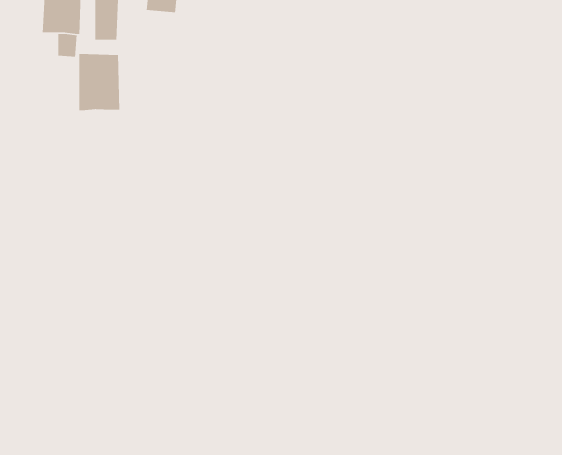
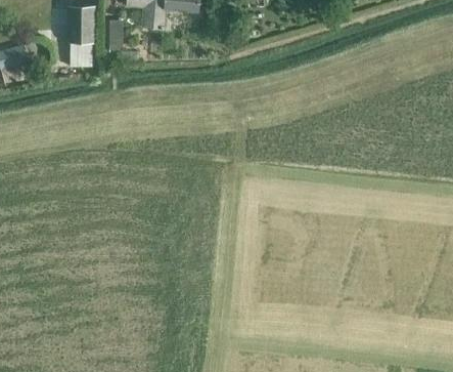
building: [78,53,120,111] -> none

